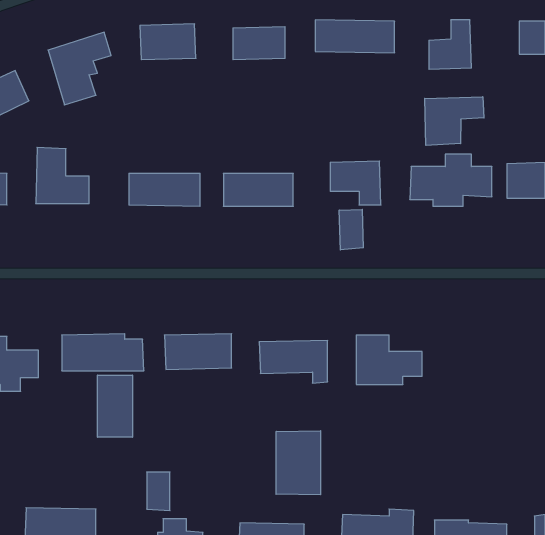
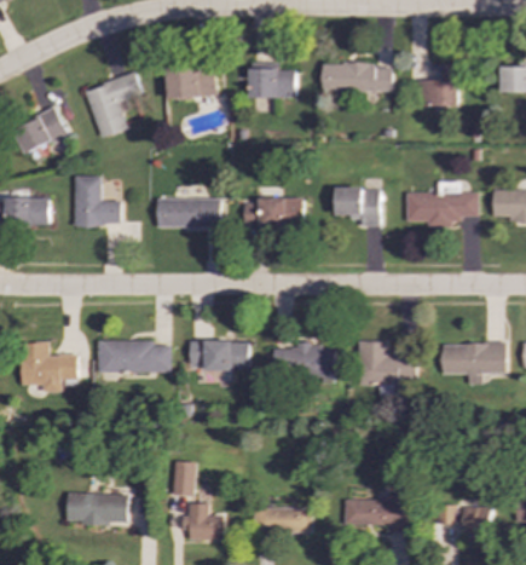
building: [425,97,484,145] -> none
building: [339,209,363,250] -> none
building: none -> [440,341,507,384]
building: [98,375,132,437] -> none
building: [276,431,321,495] -> none

